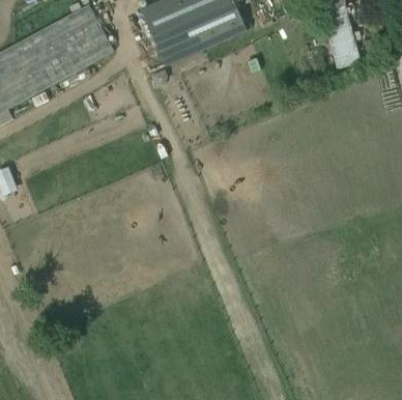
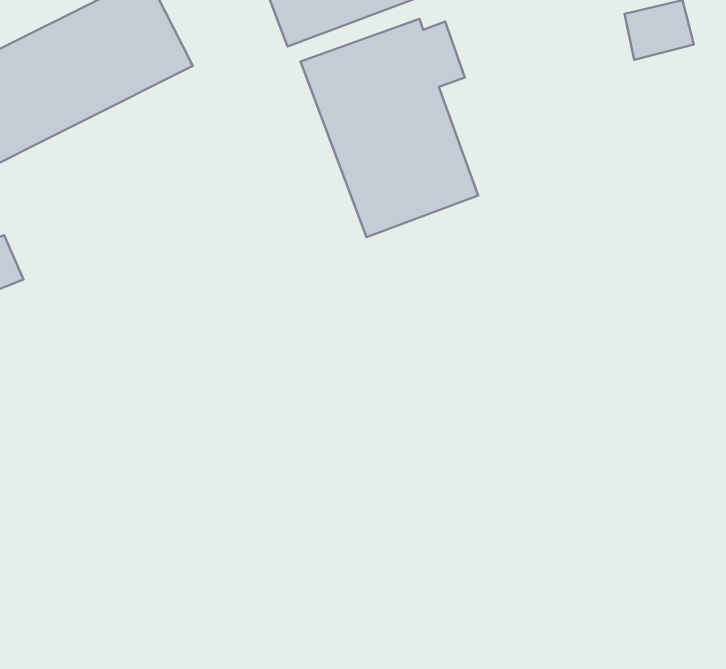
building: none -> [301,19,478,237]

